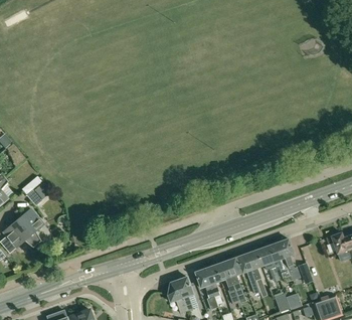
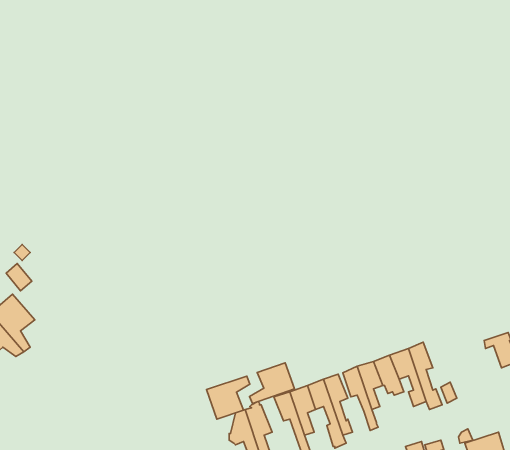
building: none -> [250,363,295,403]
building: none -> [207,376,250,419]

